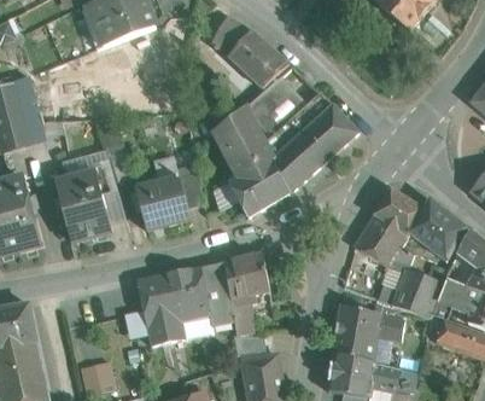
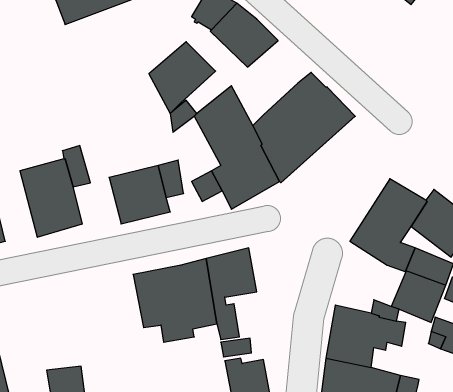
building: [246,75,306,140] -> [149,42,216,114]
building: [136,275,185,344] -> none

